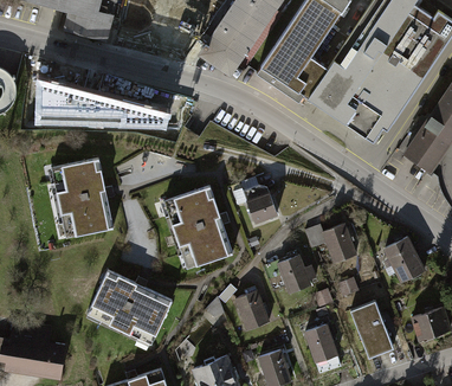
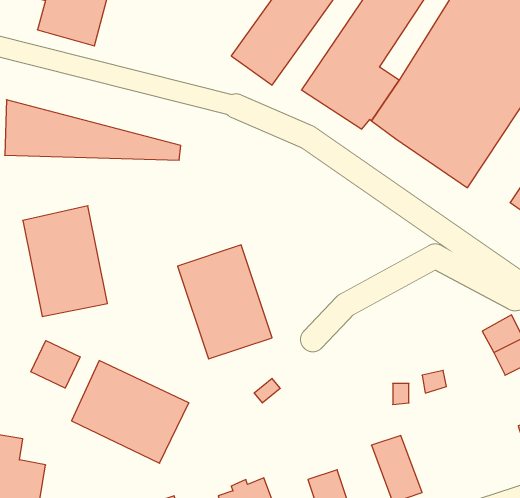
building: [243,185,277,223] -> none
building: [304,224,355,263] -> none
building: [264,251,315,292] -> none
building: none -> [31,341,80,388]
building: [234,290,269,329] -> none
building: [349,300,389,348] -> none

